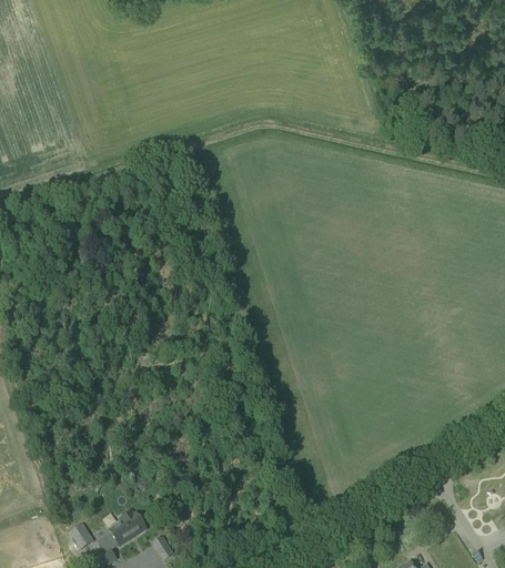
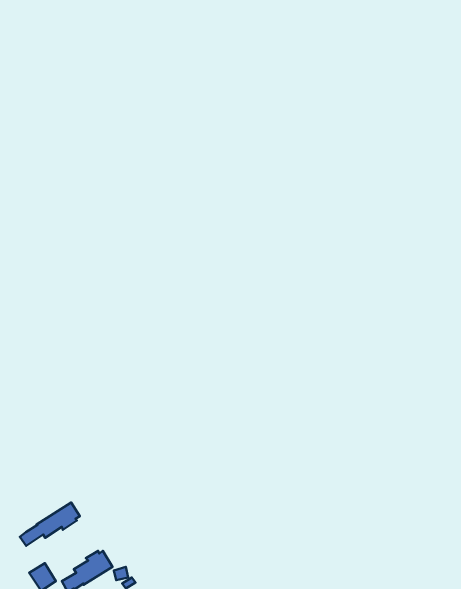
building: none -> [20,503,80,546]

